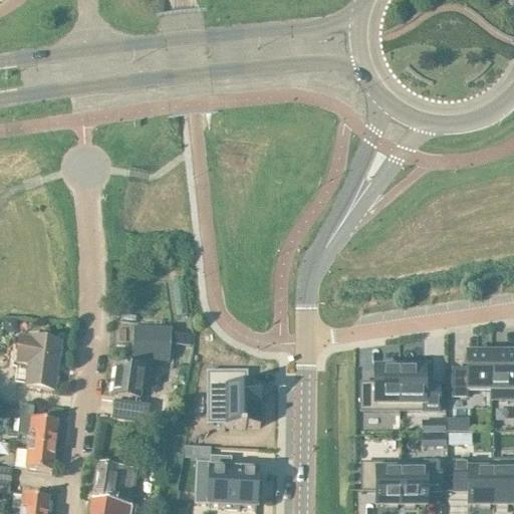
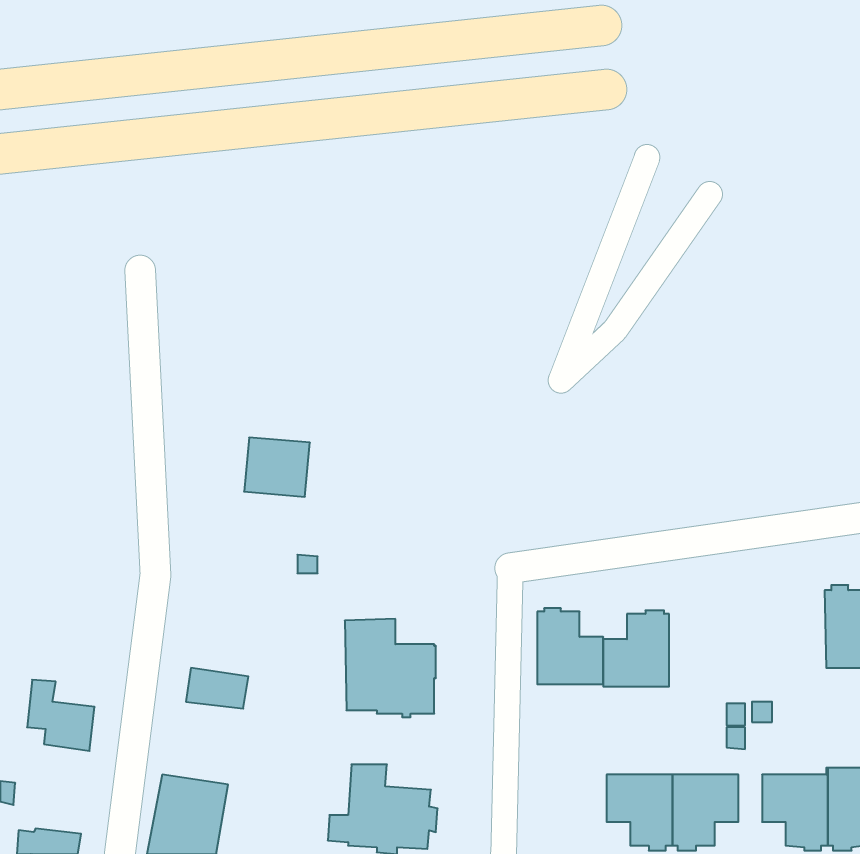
building: [133,322,172,357] -> [244,438,310,497]
building: [18,335,61,387] -> none
building: [453,347,493,397] -> none
building: [113,361,156,396] -> none
building: [400,362,439,408] -> [537,608,603,684]
building: [15,442,55,469] -> none

